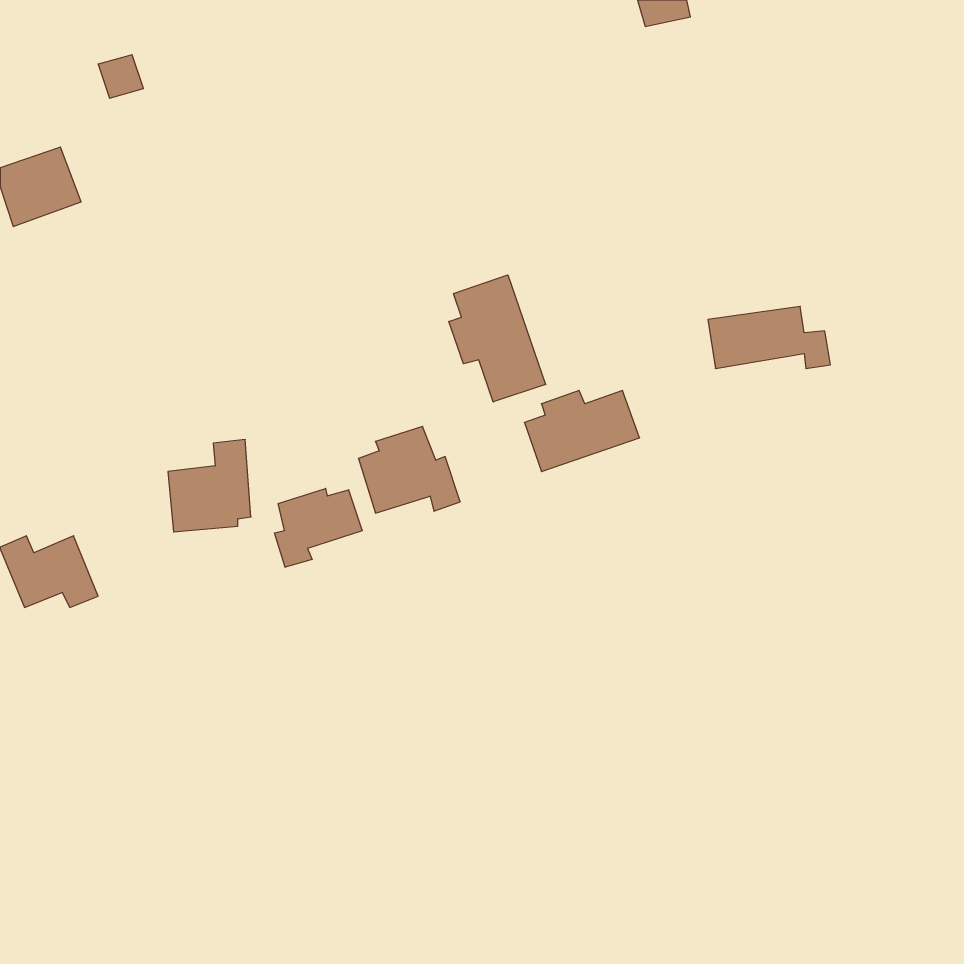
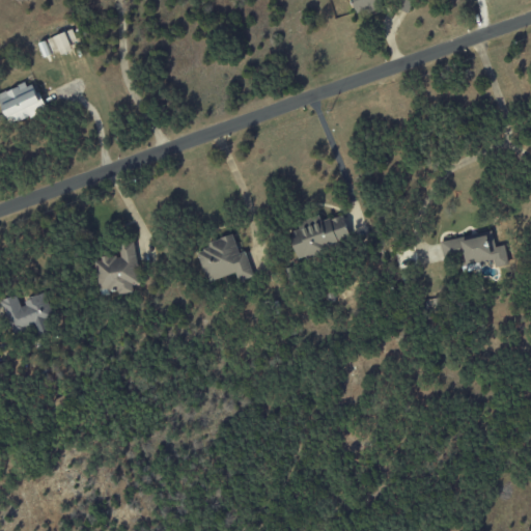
building: [449,275,546,402] -> none
building: [708,306,830,369] -> [441,233,508,268]
building: [275,488,362,567] -> none

